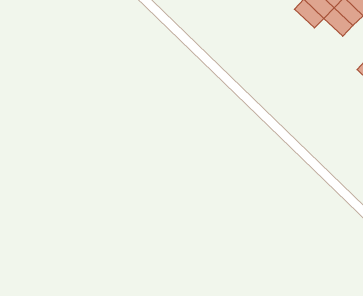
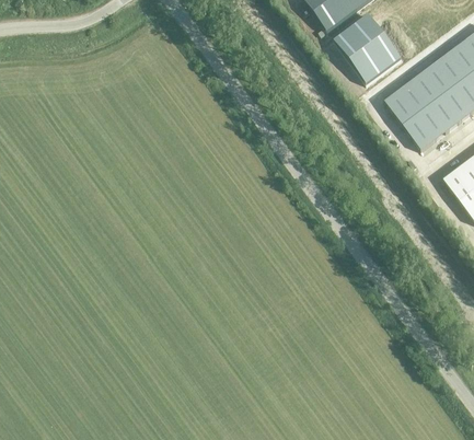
building: none -> [405,116,435,149]

